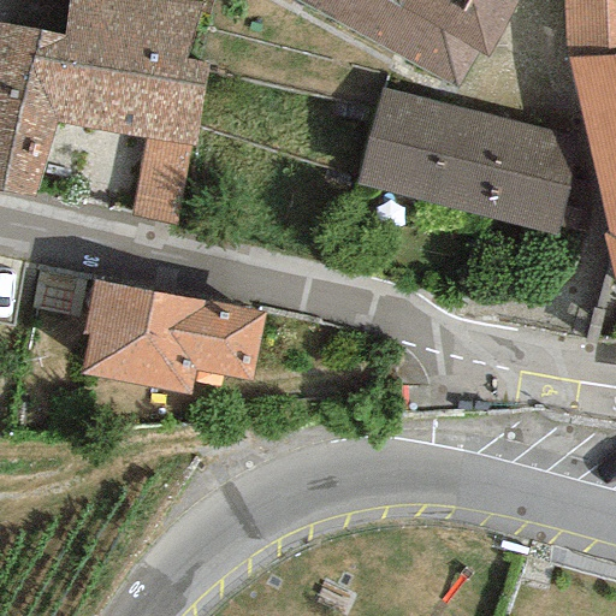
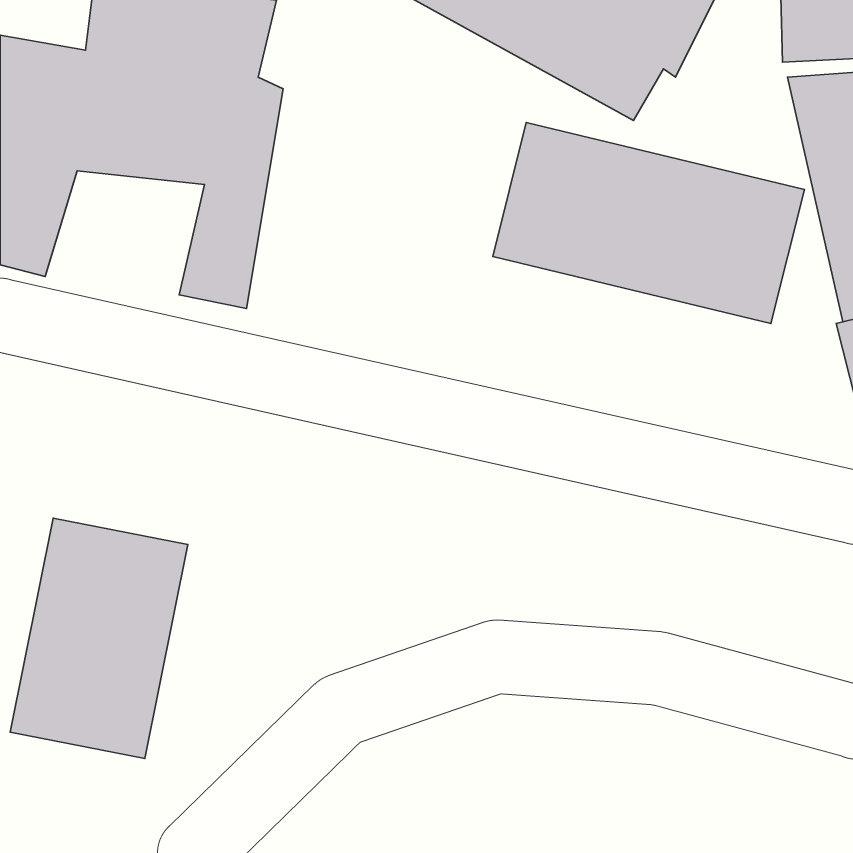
building: [82,278,267,396] -> none
building: none -> [10,518,188,758]

